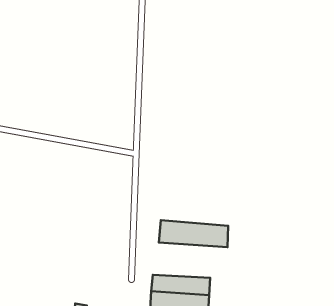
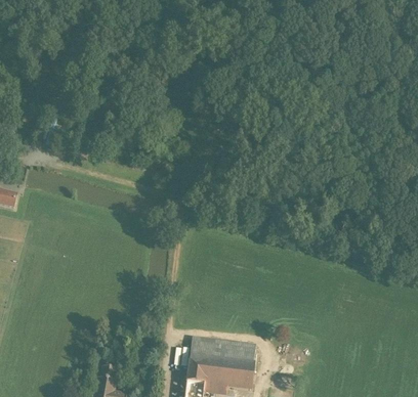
building: [159,220,228,247] -> none

